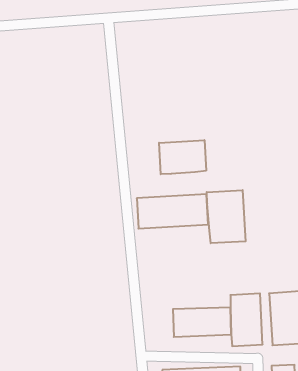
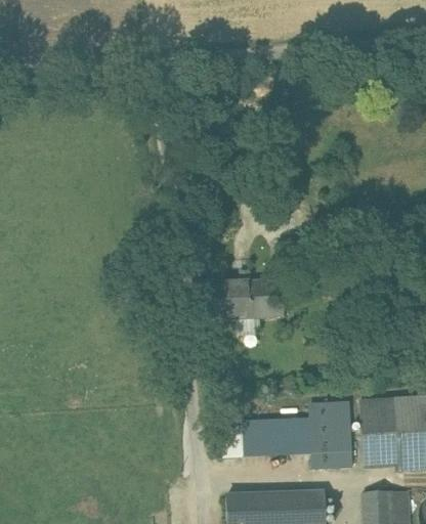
building: [159,140,206,174] -> none
building: [207,190,246,243] -> none

